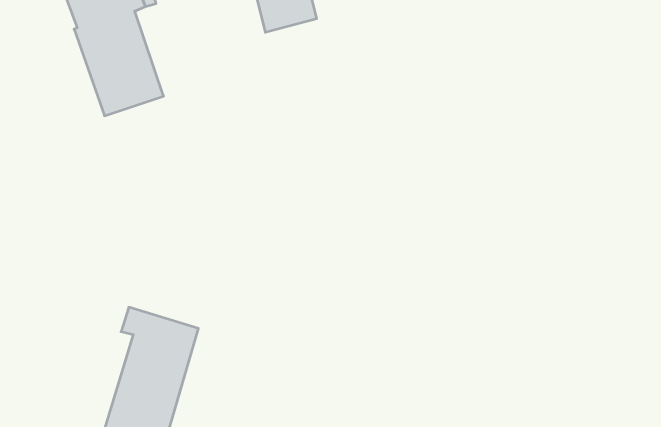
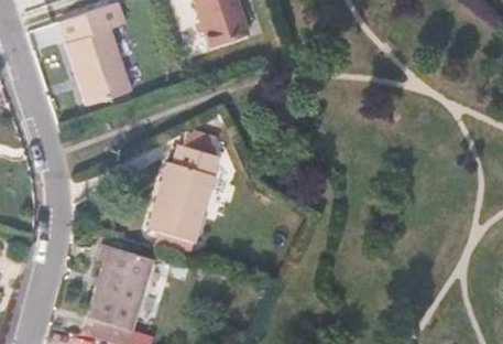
building: none -> [149,147,217,241]

